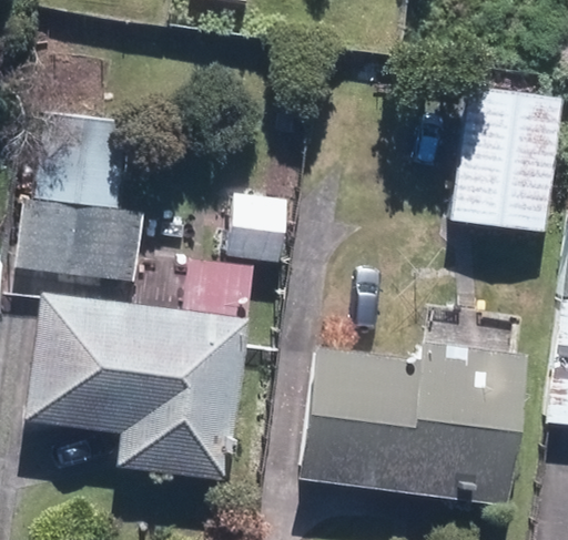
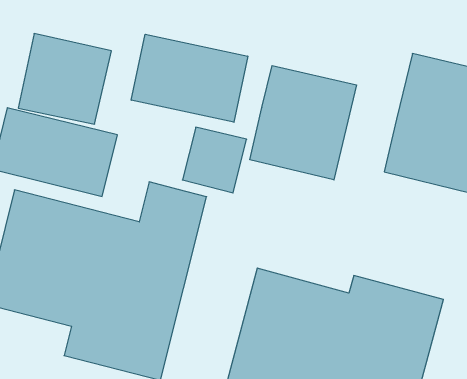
building: none -> [131,34,248,122]
building: none -> [250,66,356,180]

